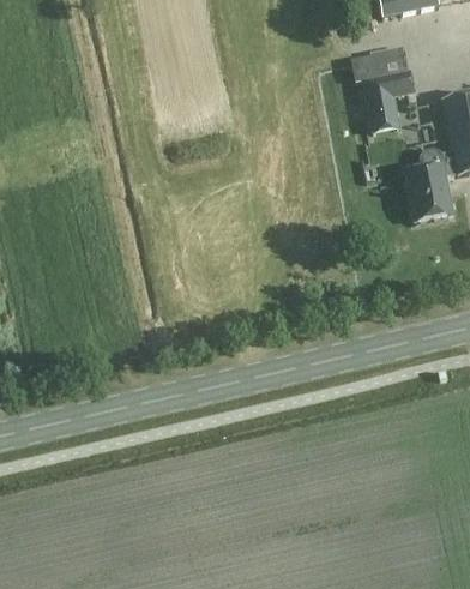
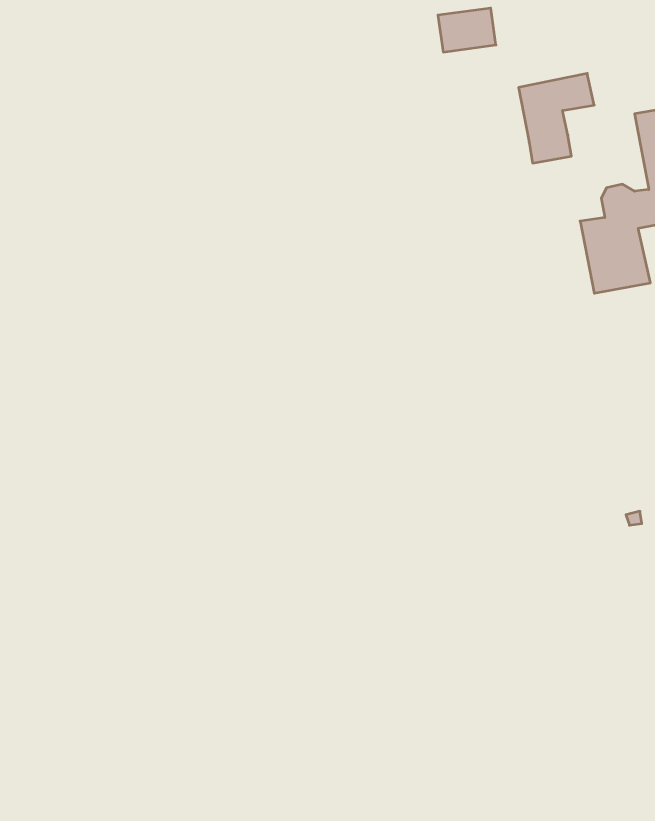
building: [362,44,402,74] -> [438,8,496,52]

